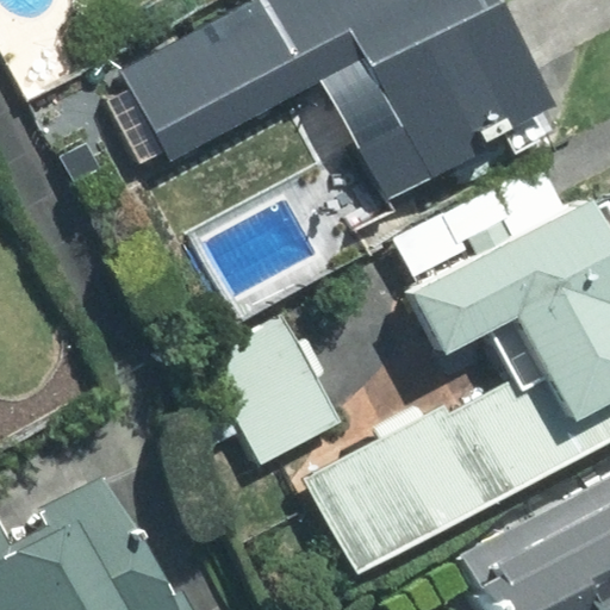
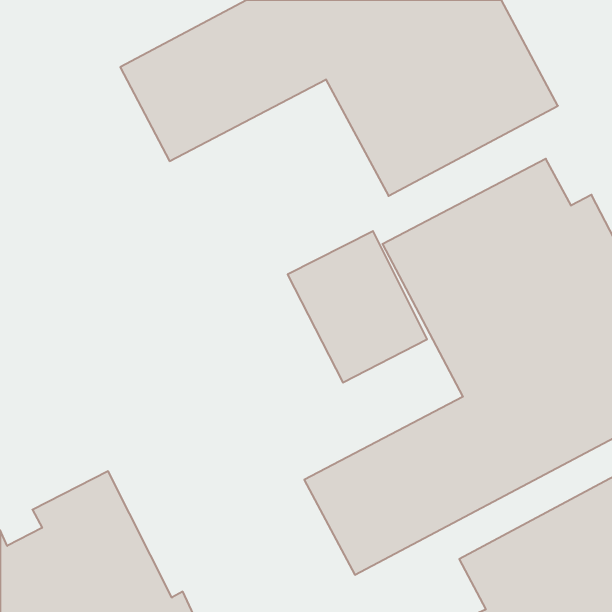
building: [203,316,341,466] -> [288,231,427,383]

